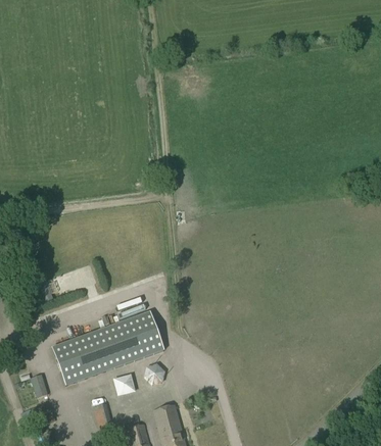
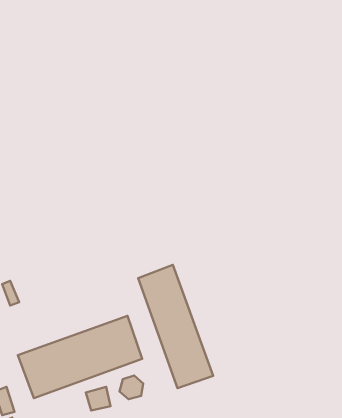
building: none -> [138,265,213,388]

